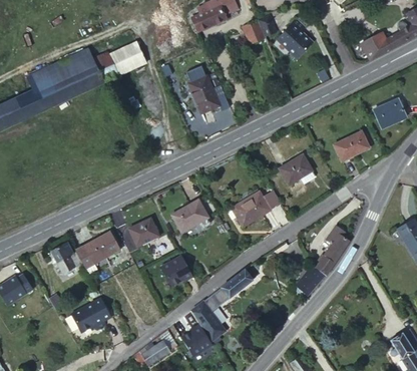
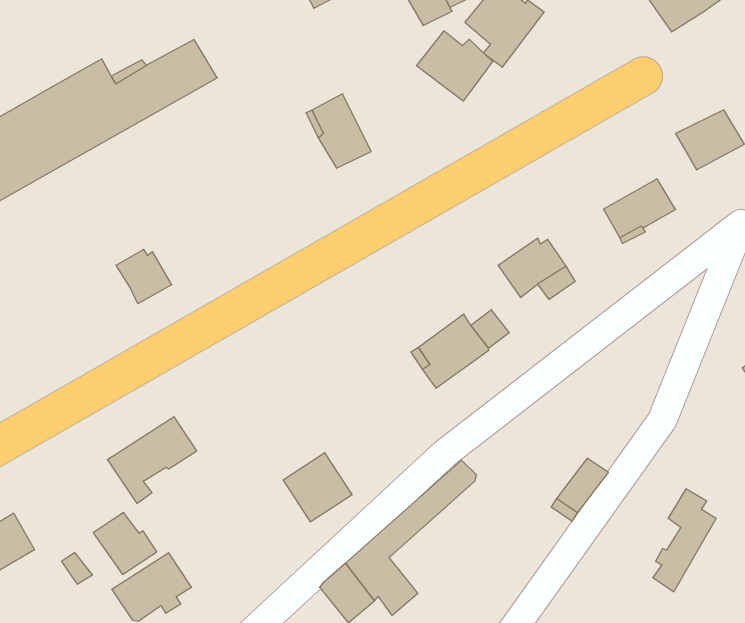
building: none -> [416,31,493,101]
building: none -> [116,249,172,304]
building: [171,199,209,232] -> none
building: [128,218,157,246] -> none
building: [316,225,350,276] -> [653,489,716,592]
building: [50,242,81,273] -> [93,512,157,574]

